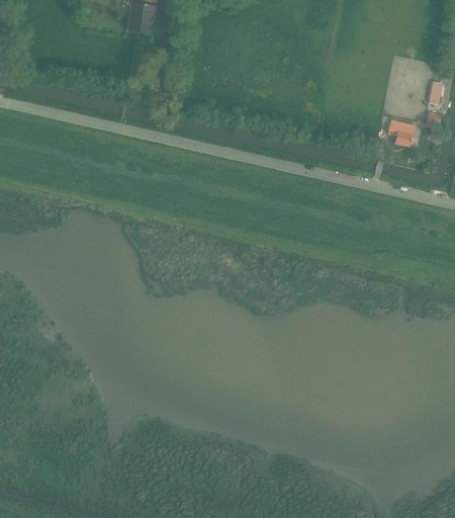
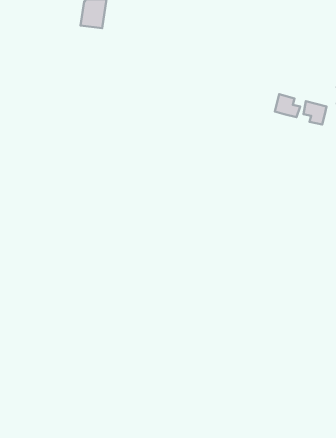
building: none -> [275,94,300,117]

